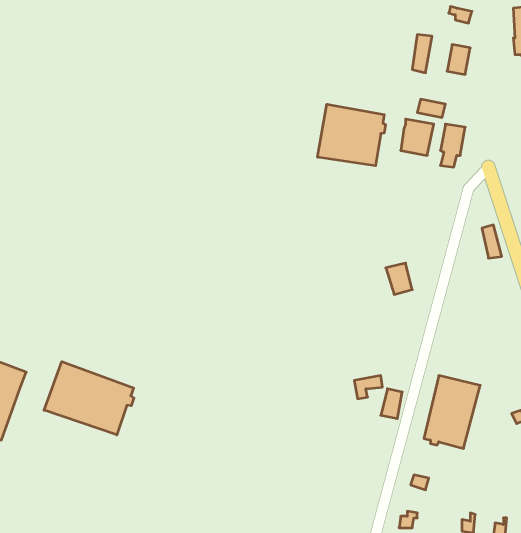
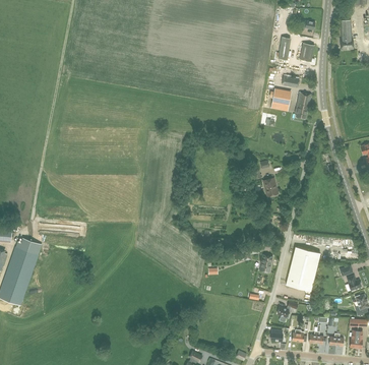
building: [318,104,386,166] -> none
building: [44,362,134,435] -> none

